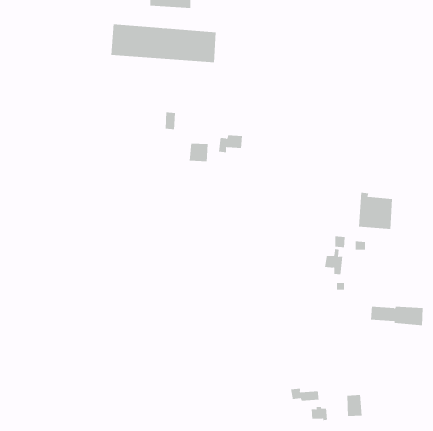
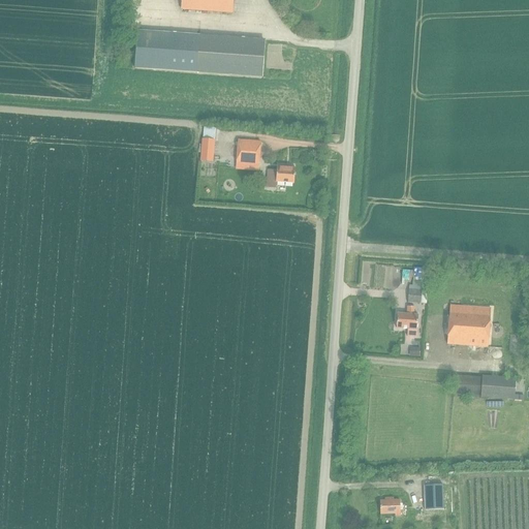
building: [189,143,208,162] -> [237,139,260,162]
building: [358,192,393,230] -> [447,299,490,344]
building: [291,388,319,401] -> none

